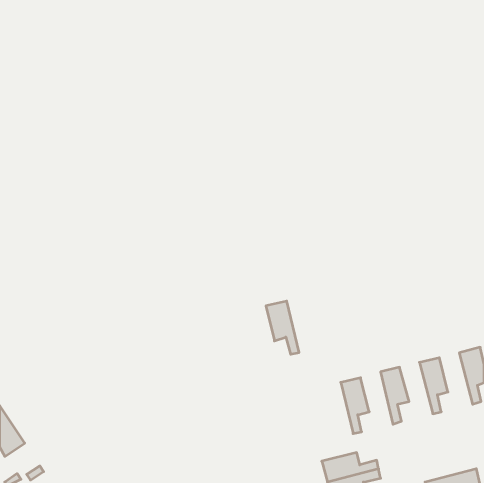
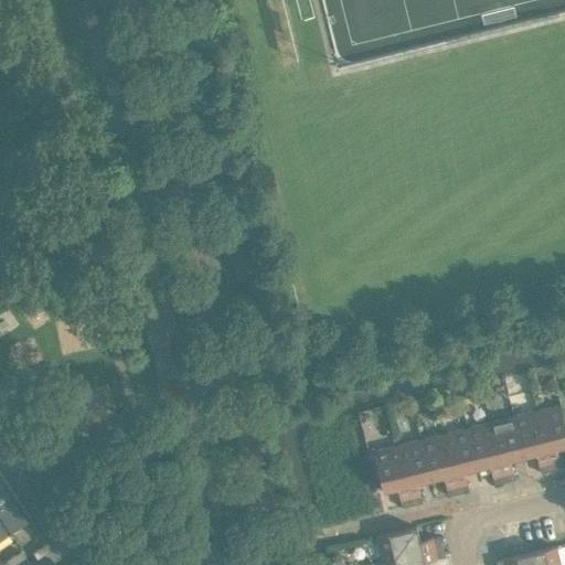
building: [266,301,299,354] -> [372,447,411,509]
building: none -> [511,413,550,475]
building: none -> [465,424,503,486]
building: none -> [419,435,457,498]

